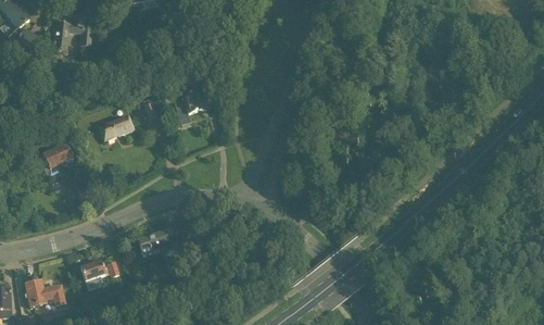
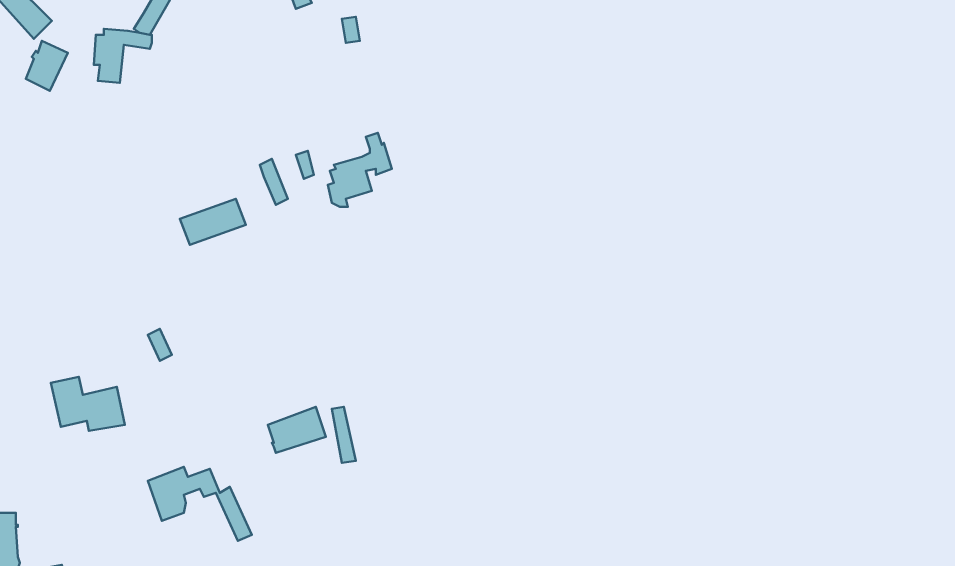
building: [42,142,72,176] -> none
building: [25,278,65,308] -> [51,377,125,431]

